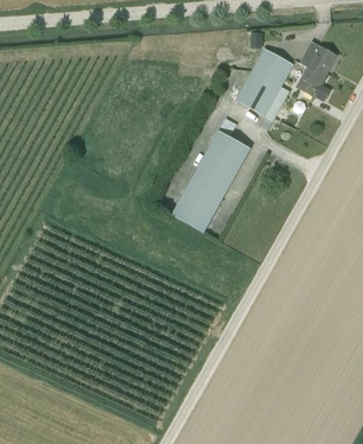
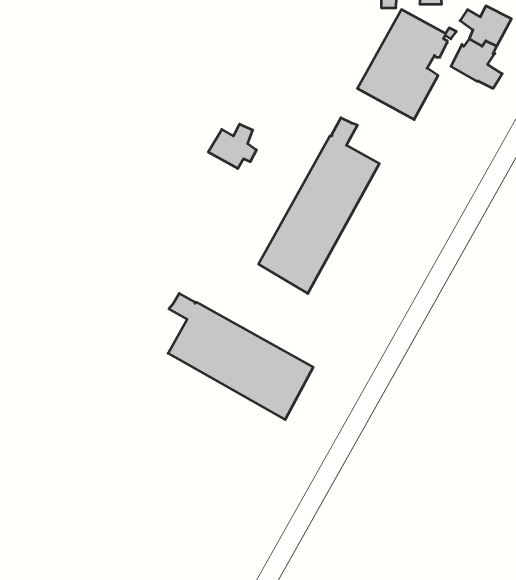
building: none -> [208,124,256,169]
building: none -> [168,293,313,420]

